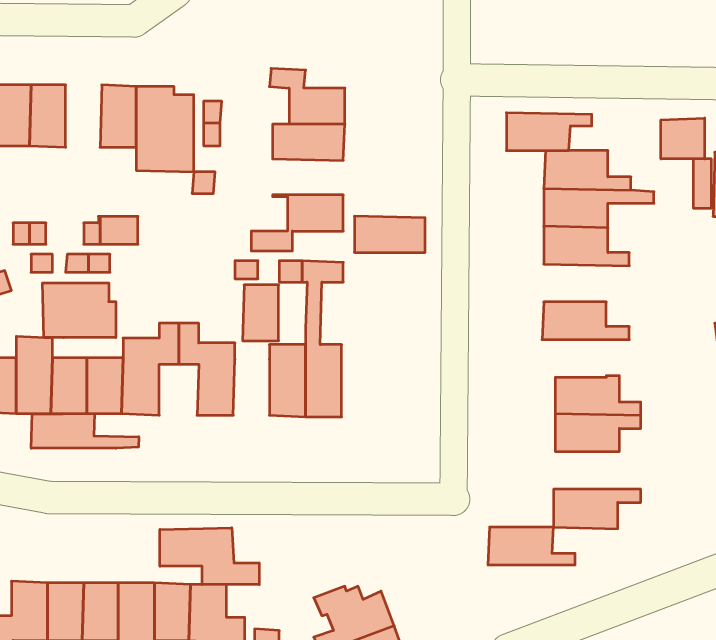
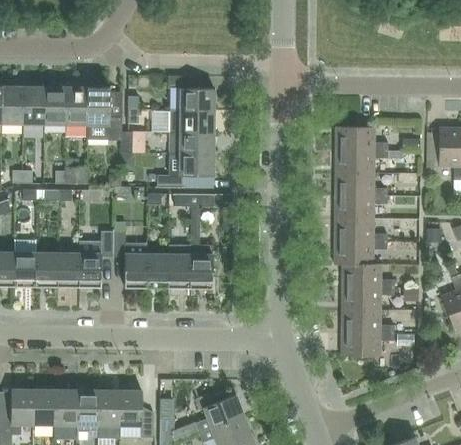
building: none -> [44,87,66,125]
building: [506,113,592,151] -> [335,196,387,219]
building: [661,118,705,159] -> none
building: [354,216,425,252] -> [170,132,213,154]
building: [43,283,116,338] -> none
building: [243,285,279,341] -> [146,254,168,288]
building: none -> [334,242,387,265]
building: [31,414,139,448] -> none
building: [488,527,575,565] -> [341,310,394,333]
building: [160,528,259,585] -> none

